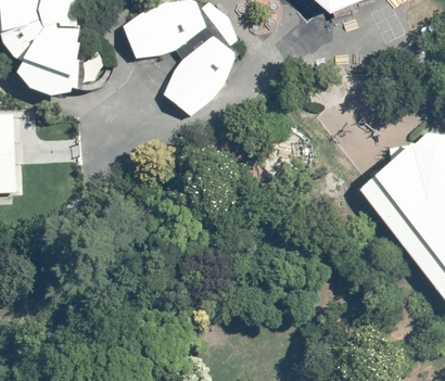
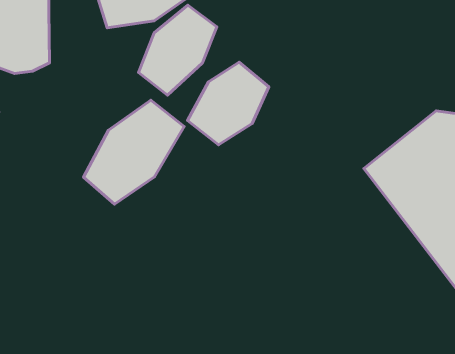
building: none -> [188,62,269,145]
building: none -> [83,100,184,204]

